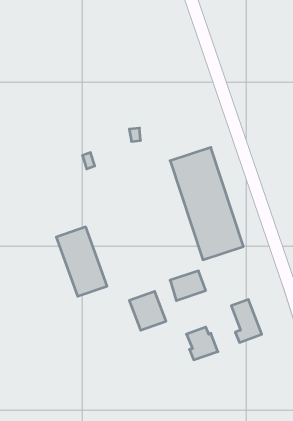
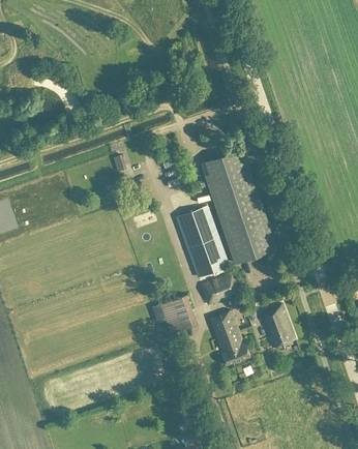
building: [56,227,107,296] -> [176,207,228,277]
building: none -> [209,309,237,339]

